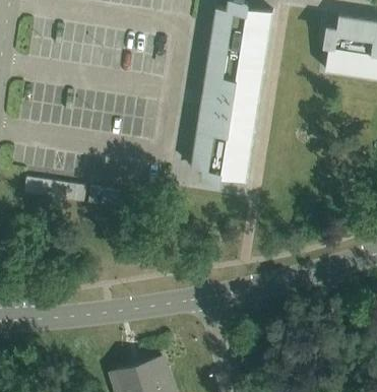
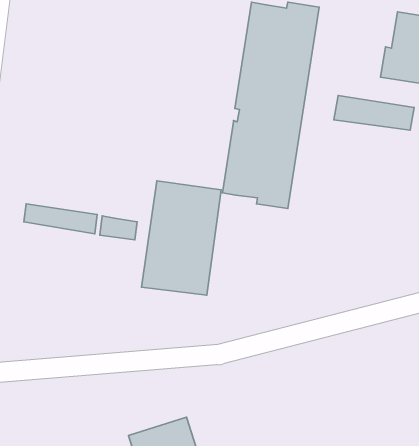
building: none -> [334,96,414,130]
building: none -> [142,181,221,295]

